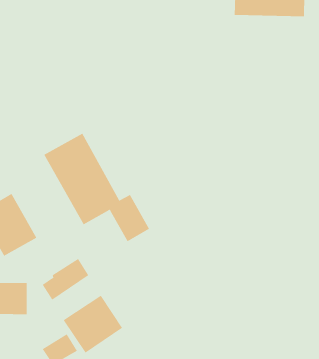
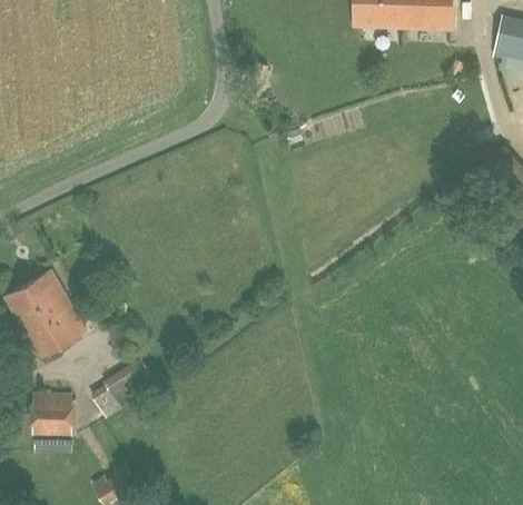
building: [44,133,150,242] -> none
building: [63,295,123,353] -> none

